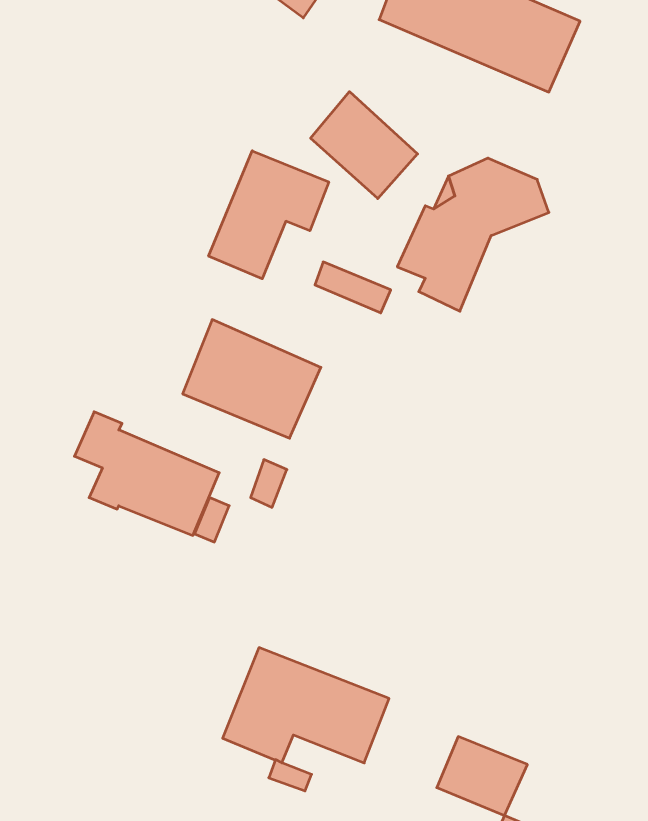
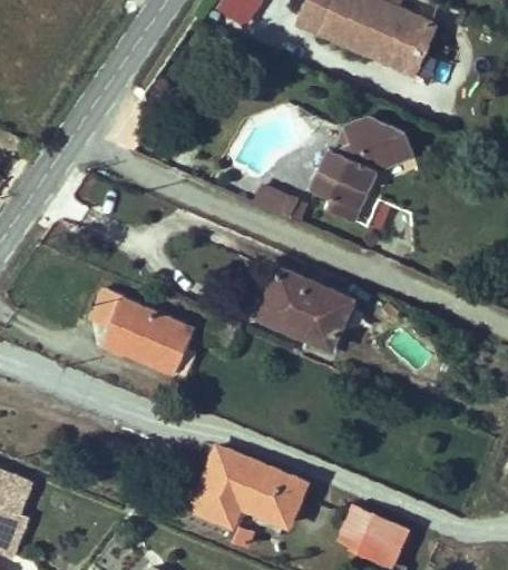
building: [311,92,418,199] -> none
building: [209,151,329,279] -> none
building: [183,320,321,438] -> [258,268,352,348]

